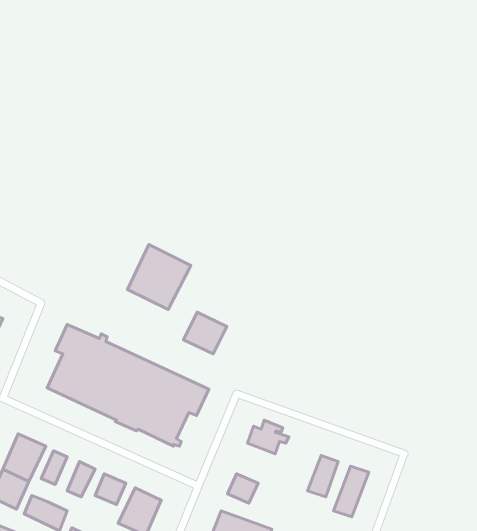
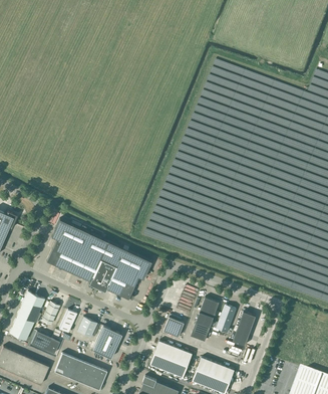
building: [127,245,191,309] -> none
building: [184,312,227,354] -> none
building: none -> [191,297,219,341]

